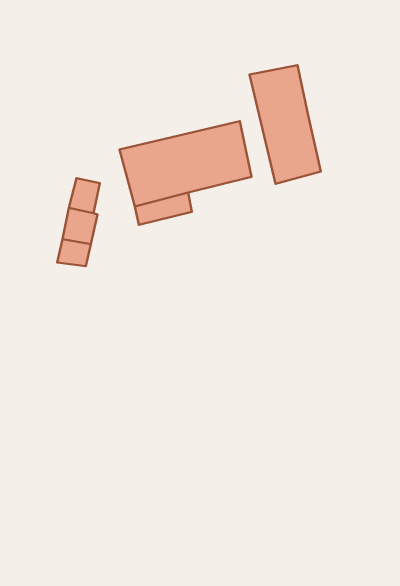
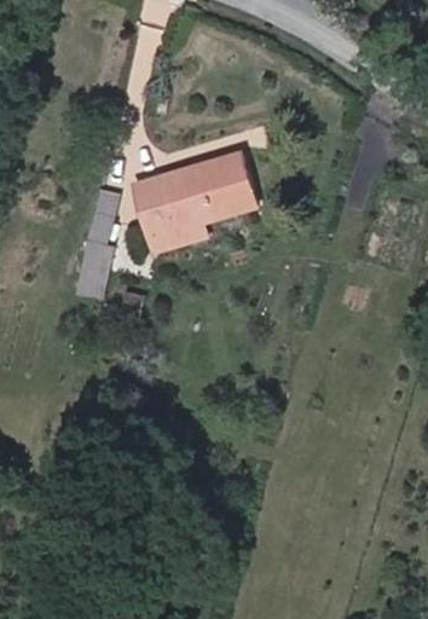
building: [250,65,321,184] -> none

